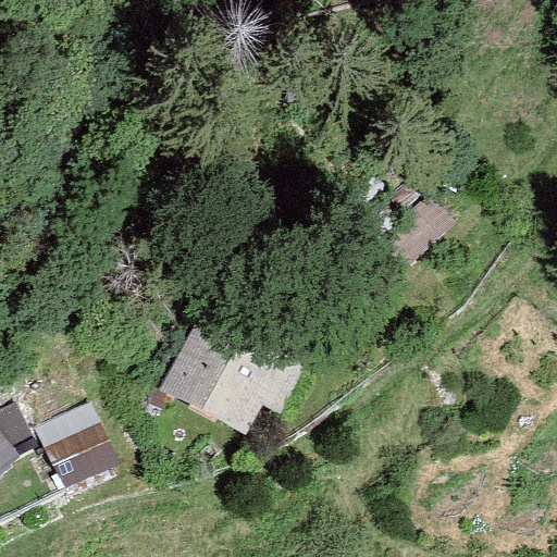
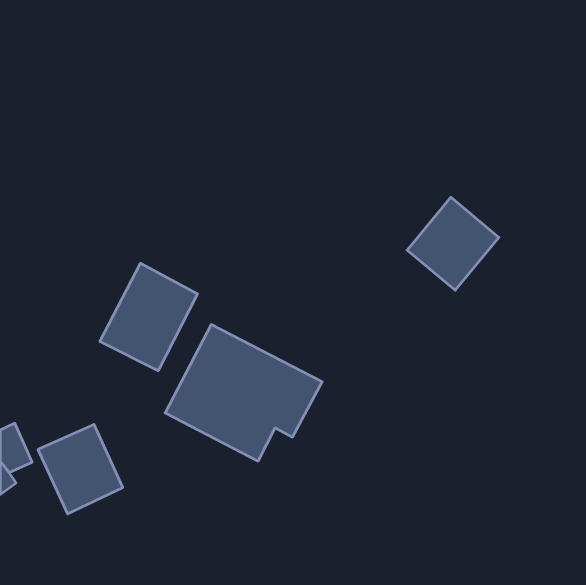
building: none -> [100,263,197,371]

